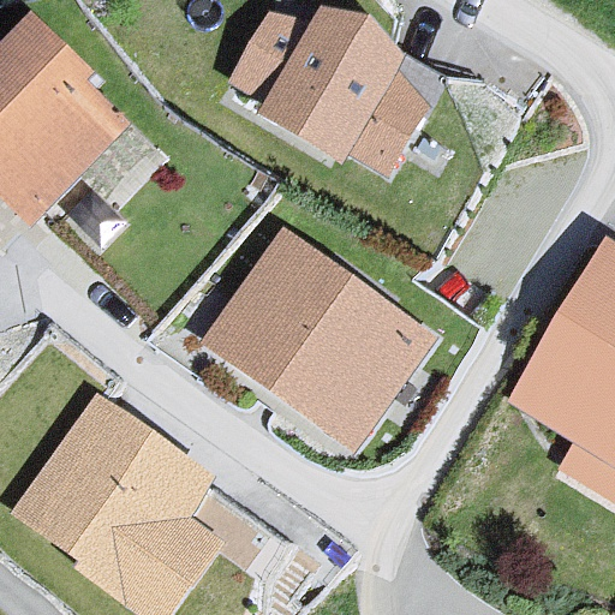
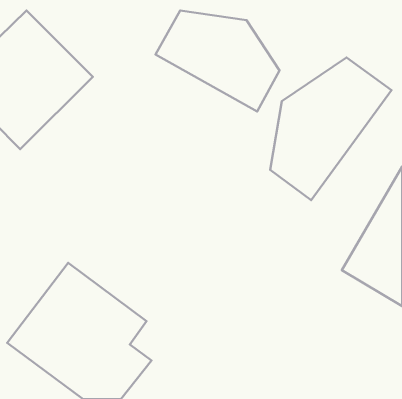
building: none -> [270,58,391,200]
building: [201,231,432,449] -> none

